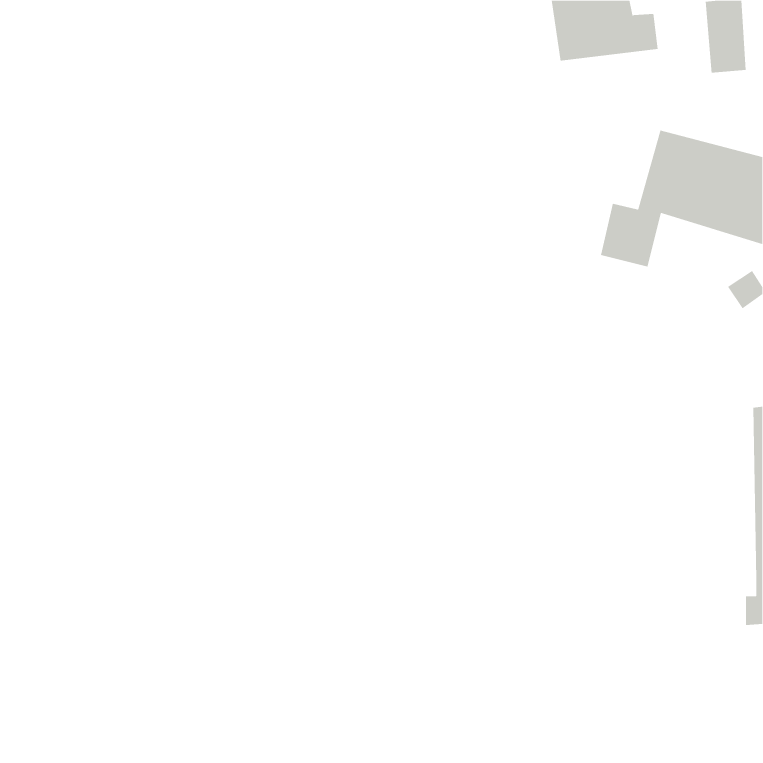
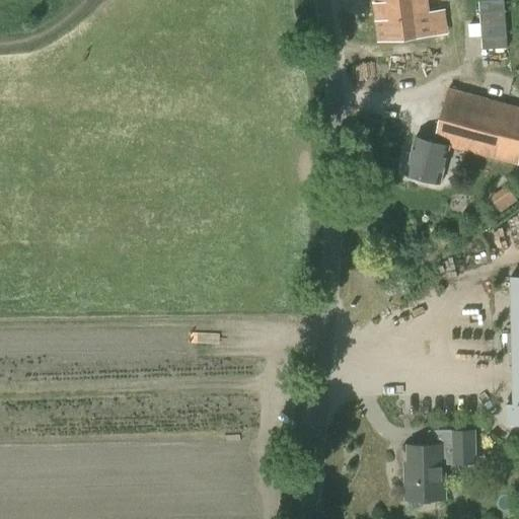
building: none -> [405,431,473,500]

